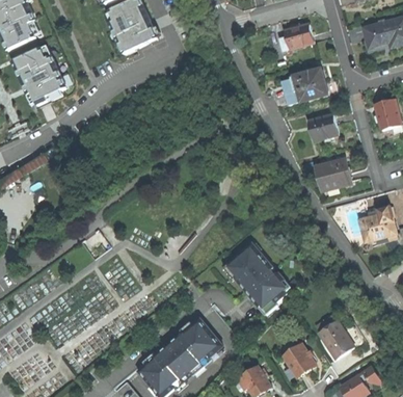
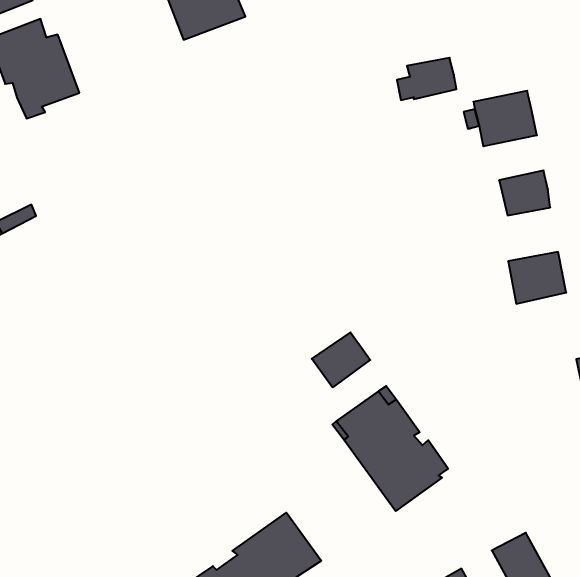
building: [278,24,313,50] -> [397,58,456,100]
building: none -> [312,332,370,387]

